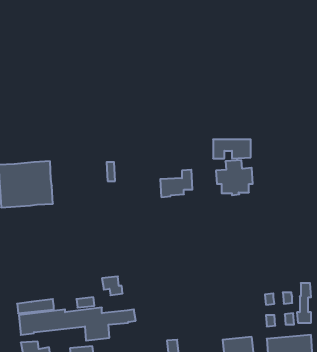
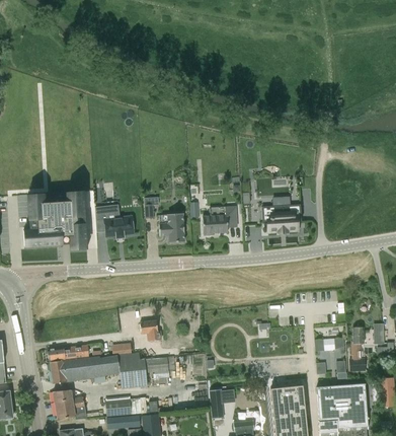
building: none -> [95,204,134,238]
building: none -> [159,213,184,242]

